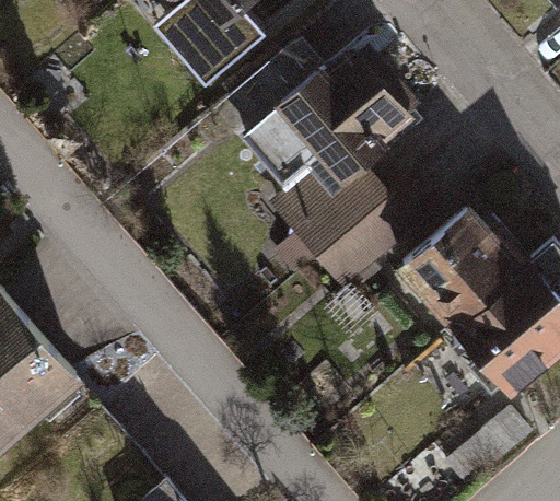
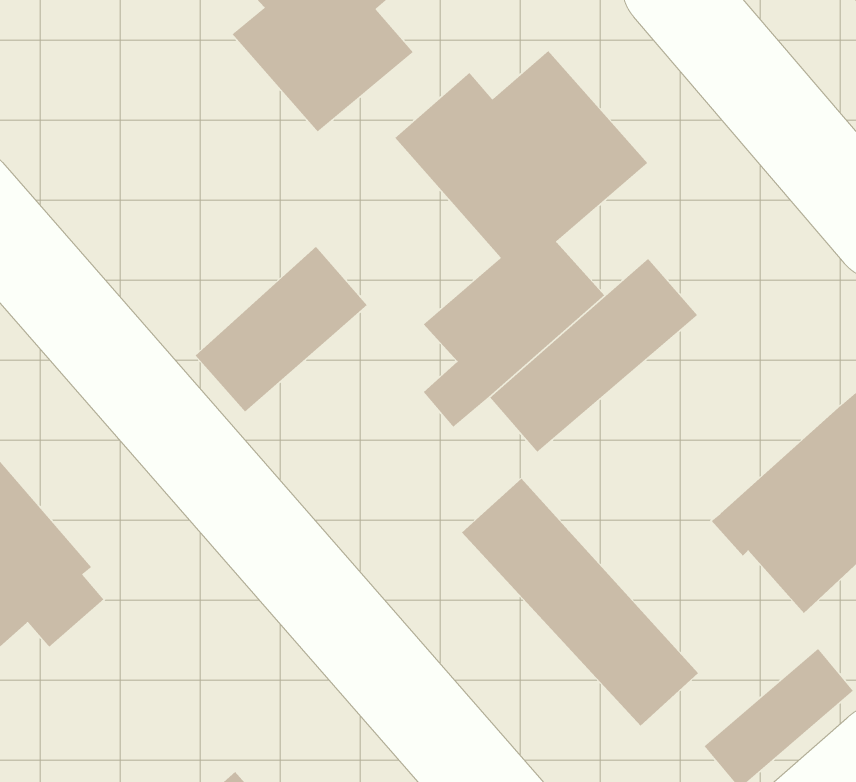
building: none -> [195,246,368,413]
building: [397,198,528,324] -> none
building: none -> [461,478,699,726]

